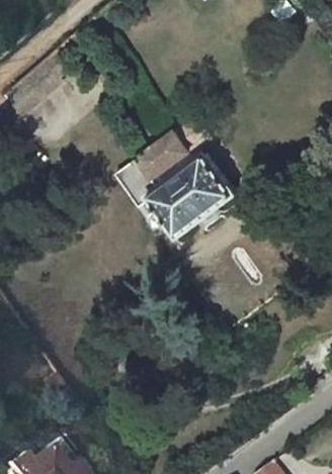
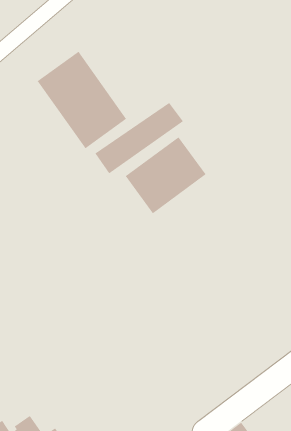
building: none -> [37,51,127,149]

